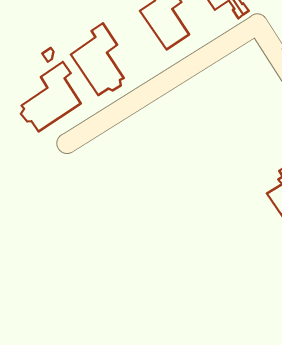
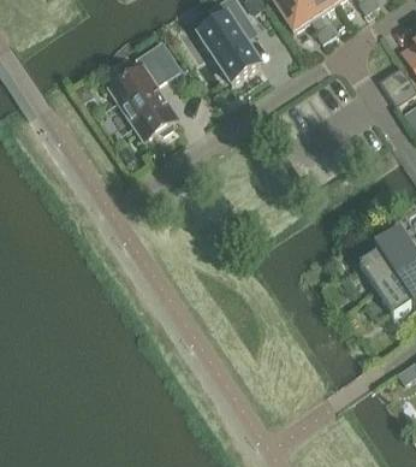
building: [21,62,81,131] -> none

